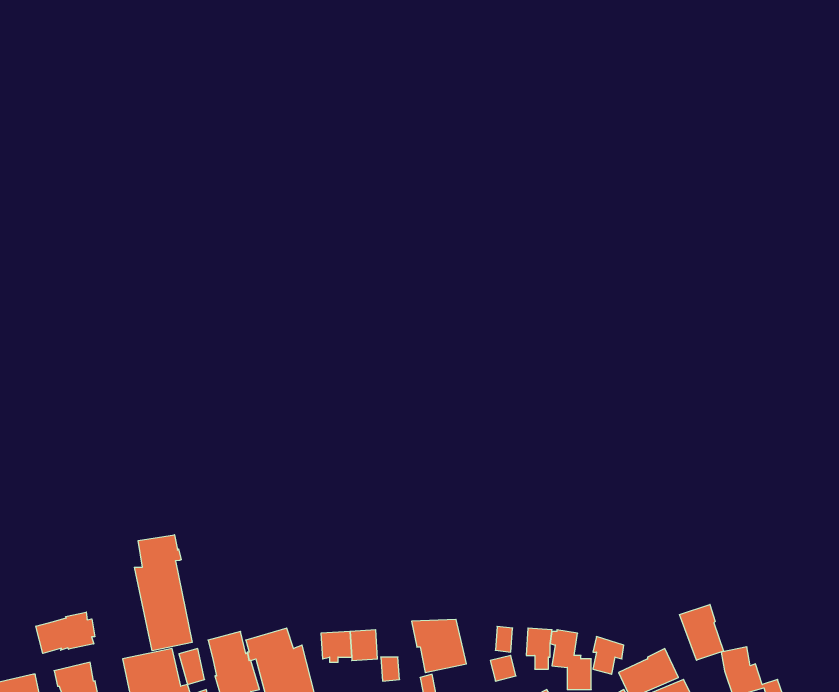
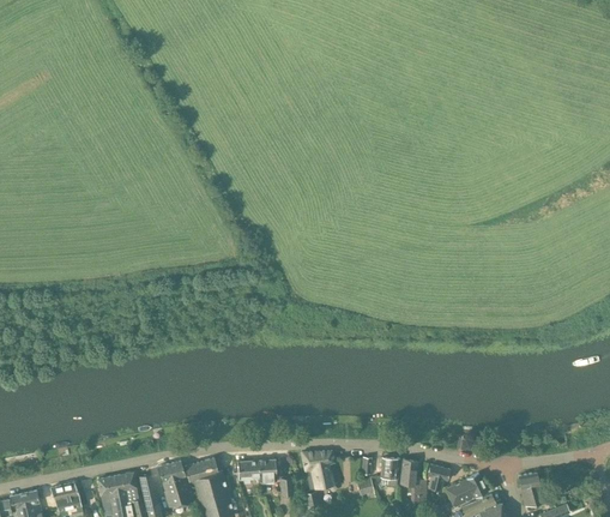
building: [134,535,192,651] -> none
building: [679,604,723,660] -> none
building: [36,612,95,653] -> none

